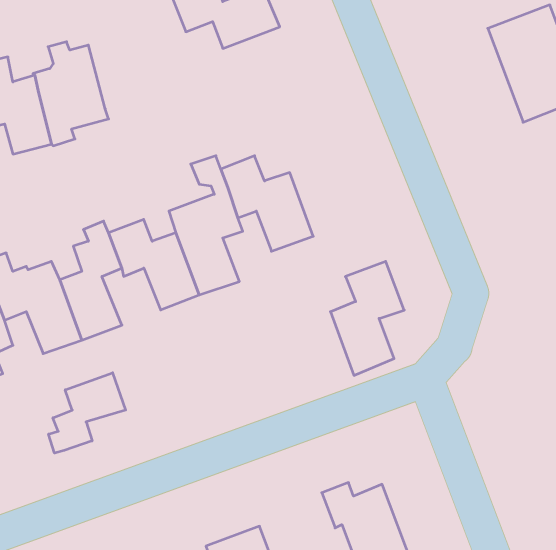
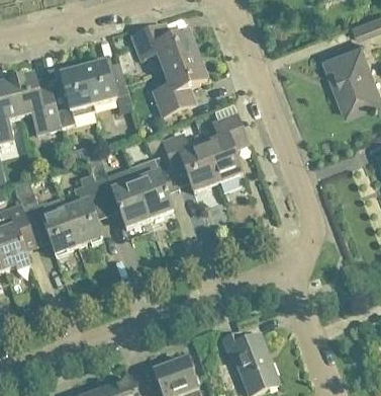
building: none -> [83,56,128,105]
building: none -> [154,56,207,115]
building: [330,261,404,375] -> [204,113,249,182]
building: [49,373,126,453] -> none

